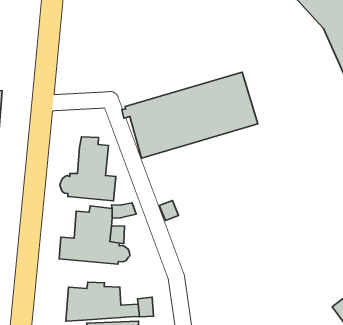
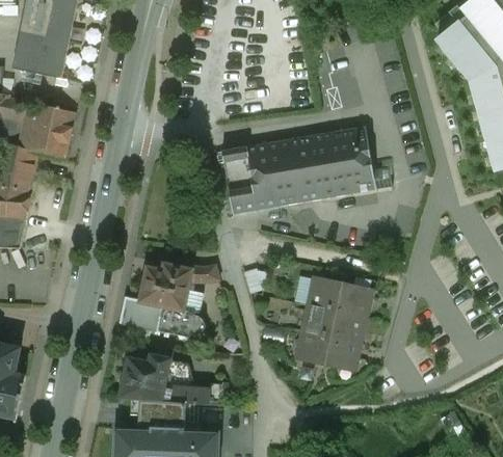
building: [60,137,116,201] -> none
building: none -> [299,278,366,369]

